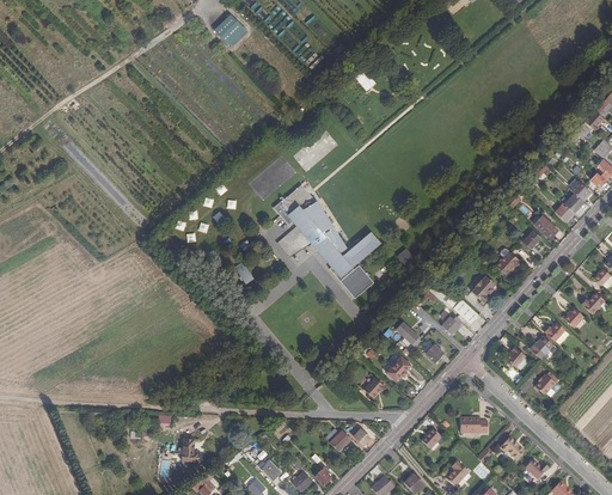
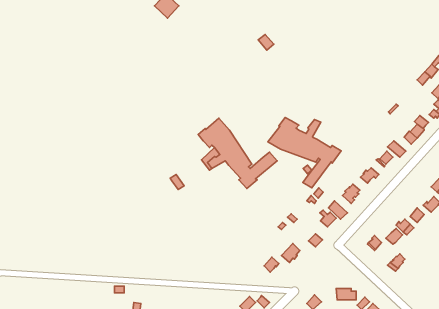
building: none -> [268,117,341,188]
building: [339,265,373,298] -> none

